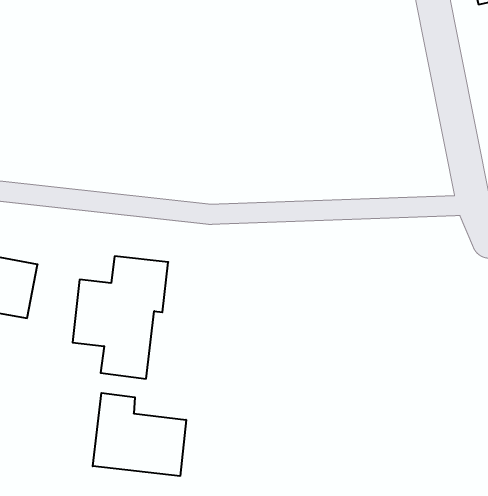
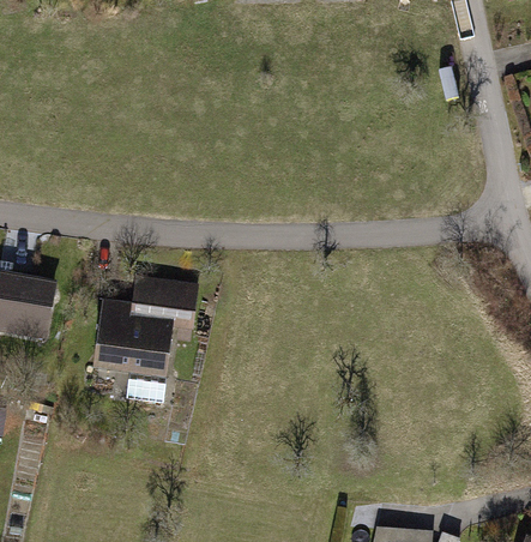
building: [93,393,186,476] -> none

